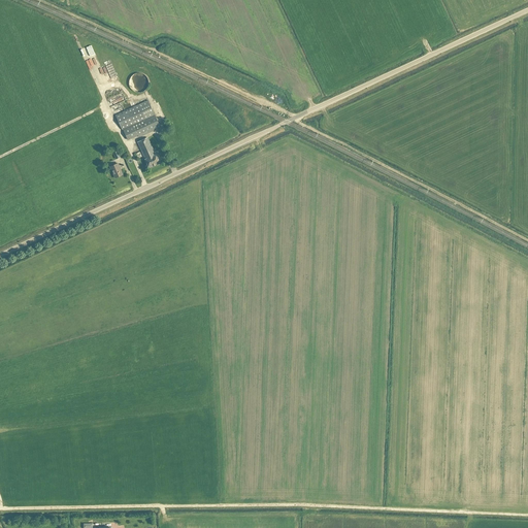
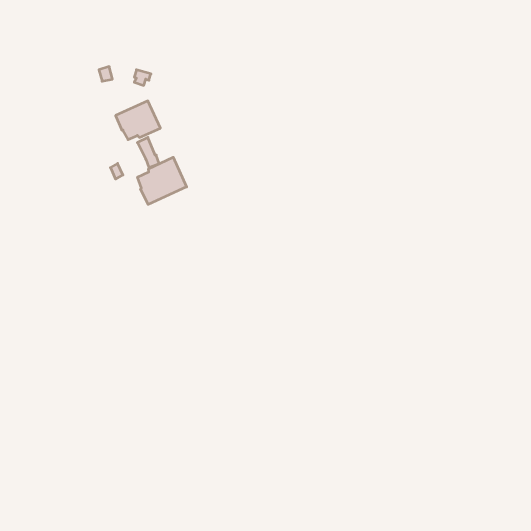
building: none -> [138,157,187,204]

